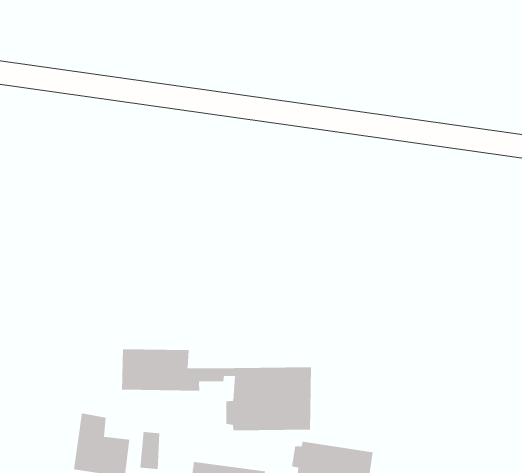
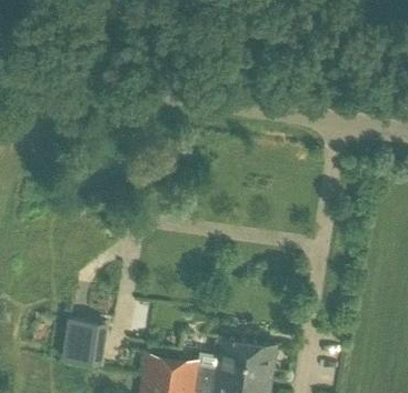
building: [121,348,311,431] -> none

